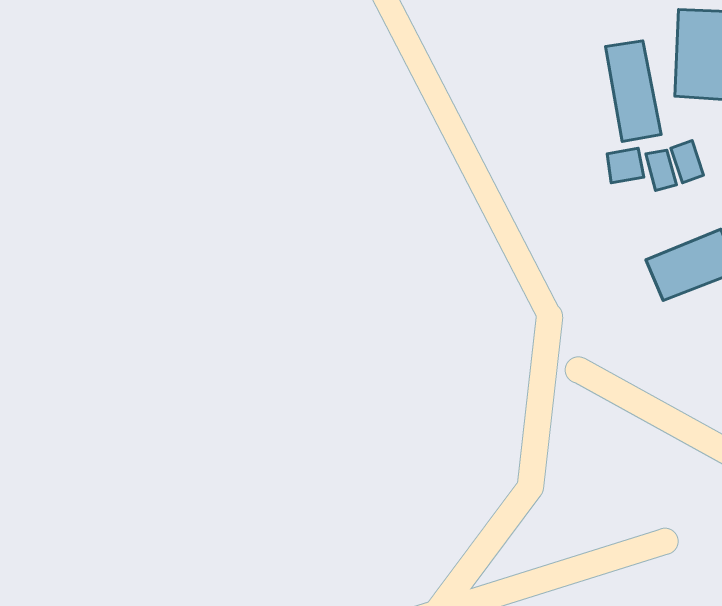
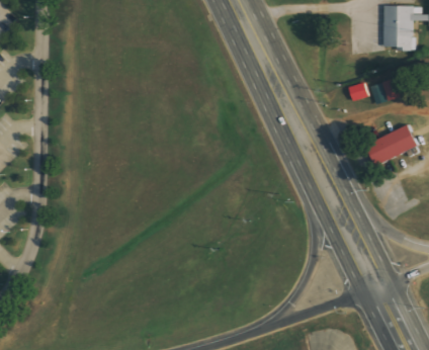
building: [605,41,661,142] -> none

